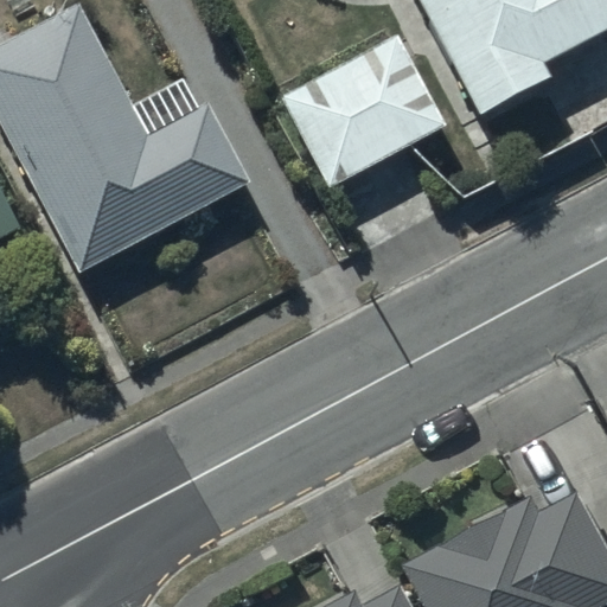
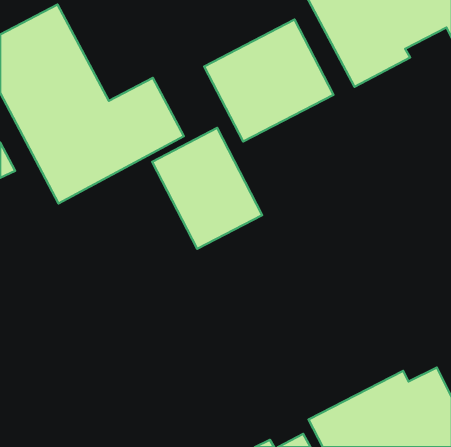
building: none -> [152,128,262,249]

